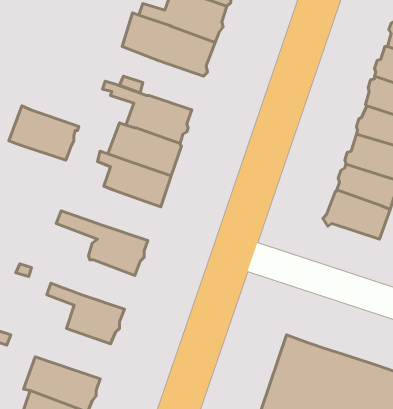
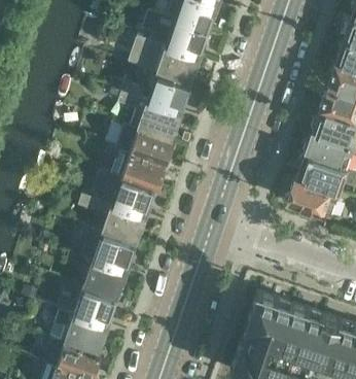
building: none -> [146,74,191,113]
building: [9,106,79,160] -> [102,174,157,217]
building: none -> [80,229,137,272]
building: none -> [73,287,117,328]

